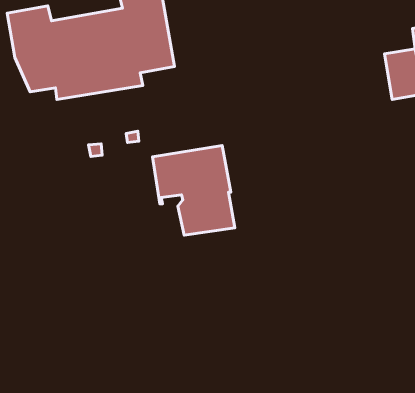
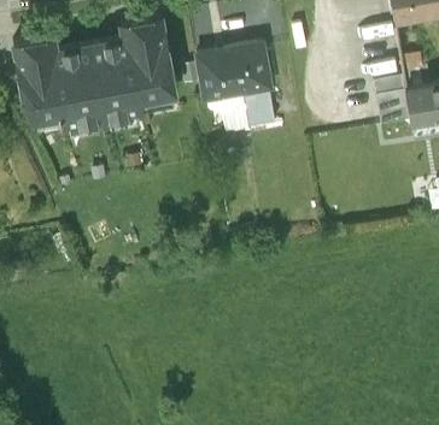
building: [152,145,235,235] -> [197,46,275,131]

